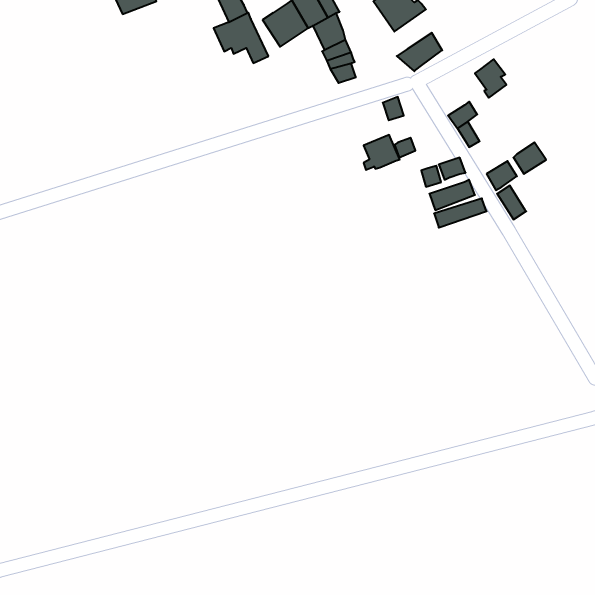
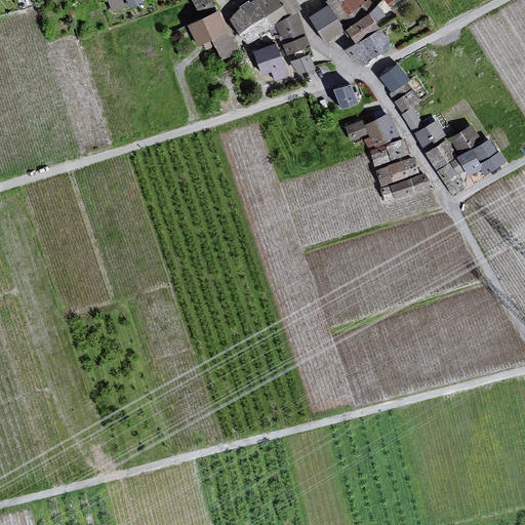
building: none -> [311,6,341,40]
building: none -> [347,7,380,43]
building: none -> [253,43,286,77]
building: [475,59,506,98] -> [380,65,408,98]
building: [364,135,400,170] -> [365,115,397,146]
building: none -> [415,121,444,147]
building: none -> [452,138,502,173]

